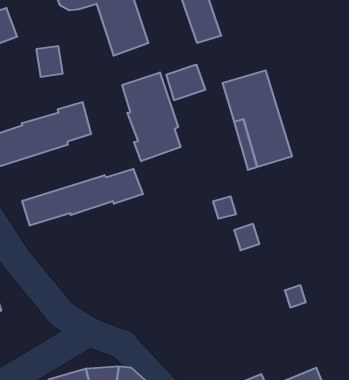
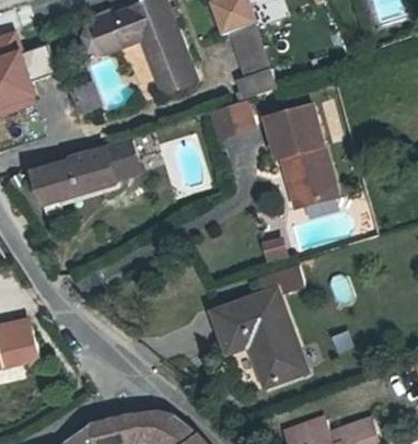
building: [122,72,181,161] -> none
building: [22,169,143,226] -> none
building: none -> [209,288,303,385]

